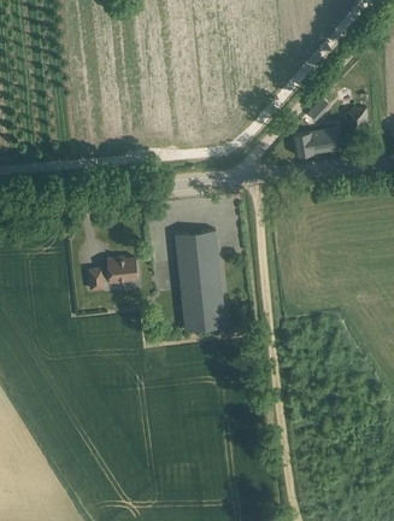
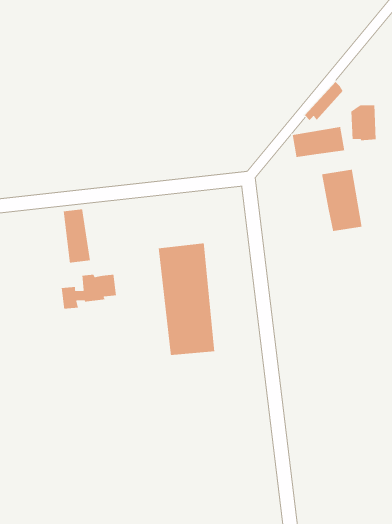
building: none -> [321,169,362,232]
building: none -> [63,209,91,264]

